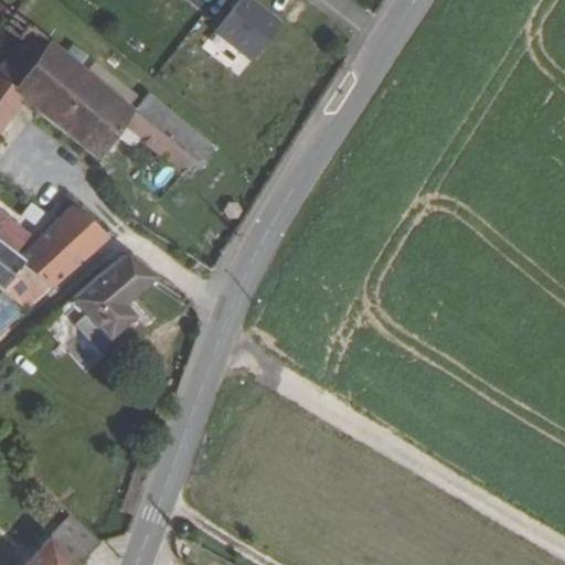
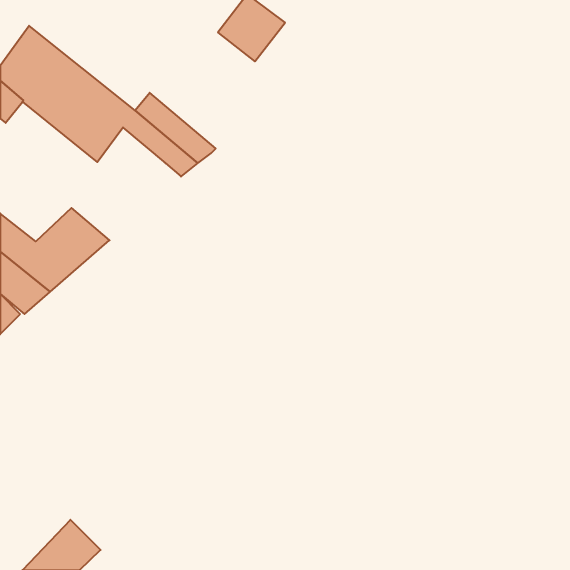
building: [71,253,156,359] -> none

